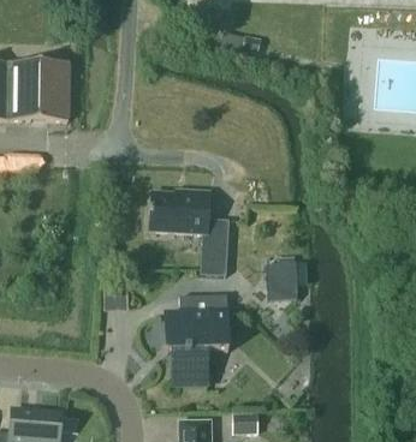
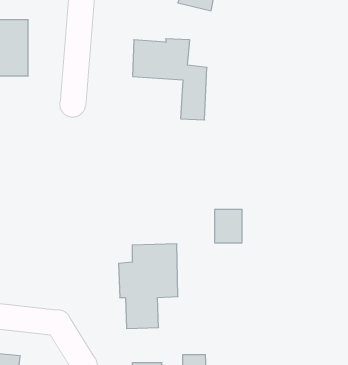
building: [149,190,227,275] -> [133,39,207,120]

